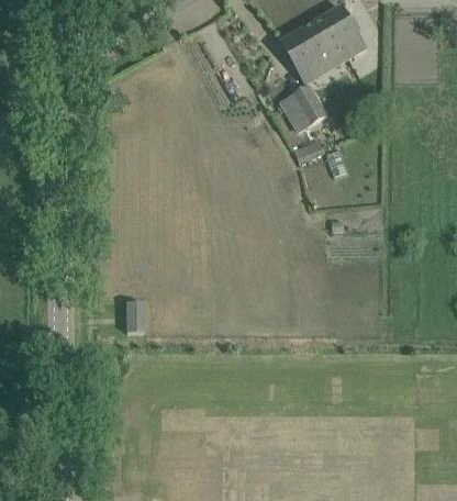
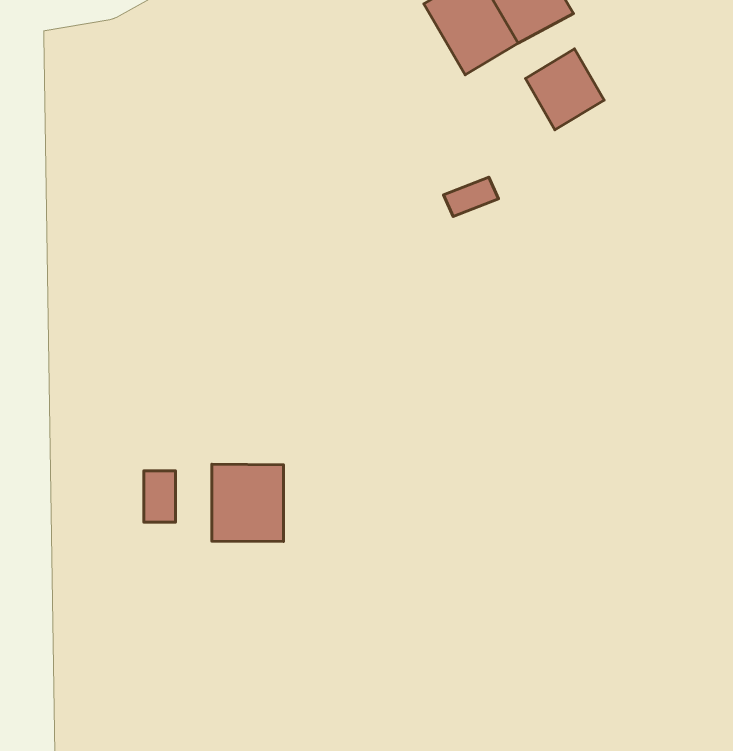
building: [281,86,325,131] -> [525,49,604,130]
building: none -> [212,464,283,541]

